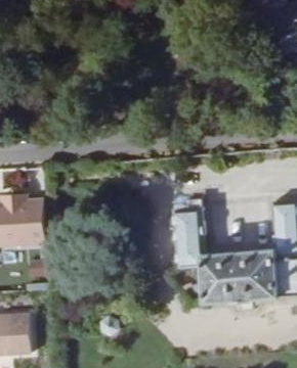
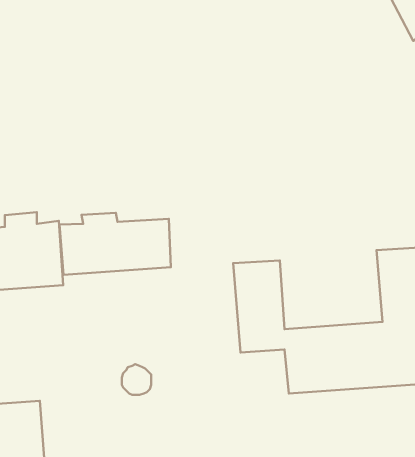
building: none -> [60,213,171,275]

